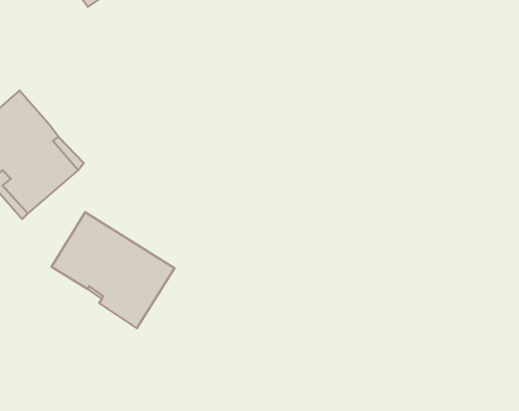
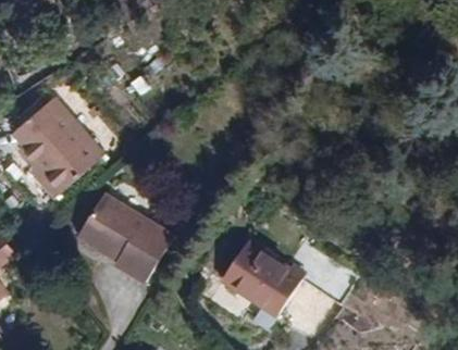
building: none -> [221,241,299,326]

